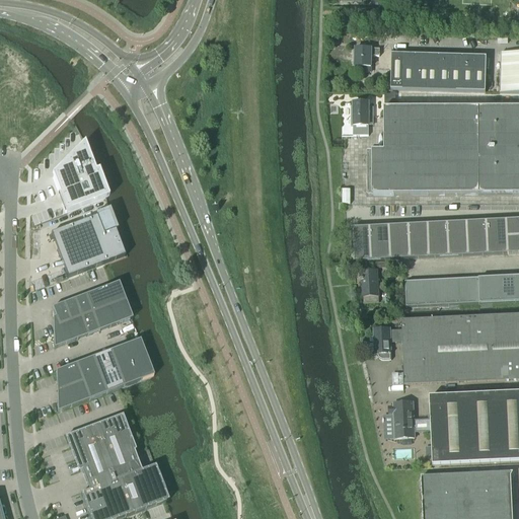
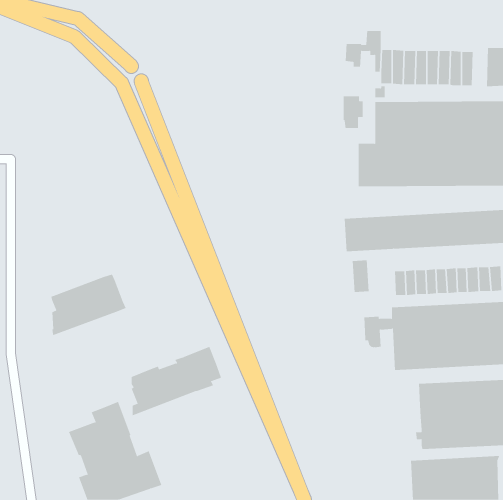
building: [54,140,112,211] -> none
building: [53,209,127,275] -> none
building: [58,337,151,409] -> [131,346,222,416]
building: [390,398,433,435] -> none

